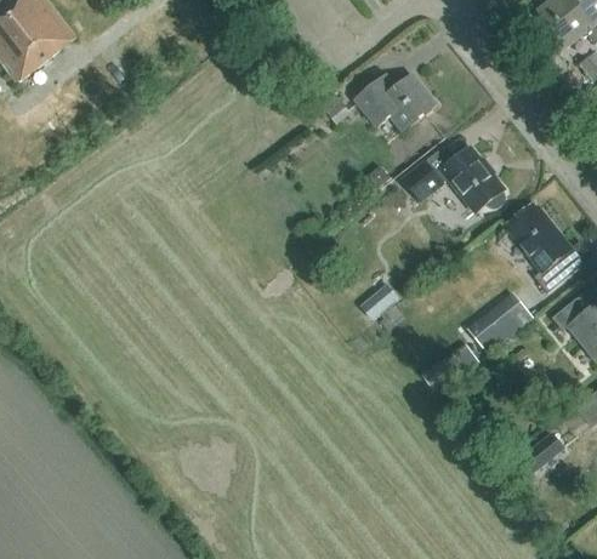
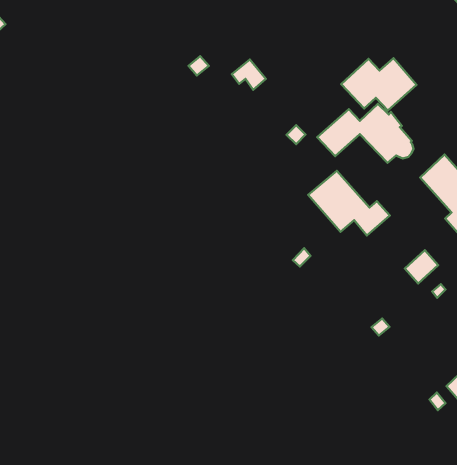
building: [352,73,433,130] -> [341,58,417,110]
building: none -> [308,171,390,236]

